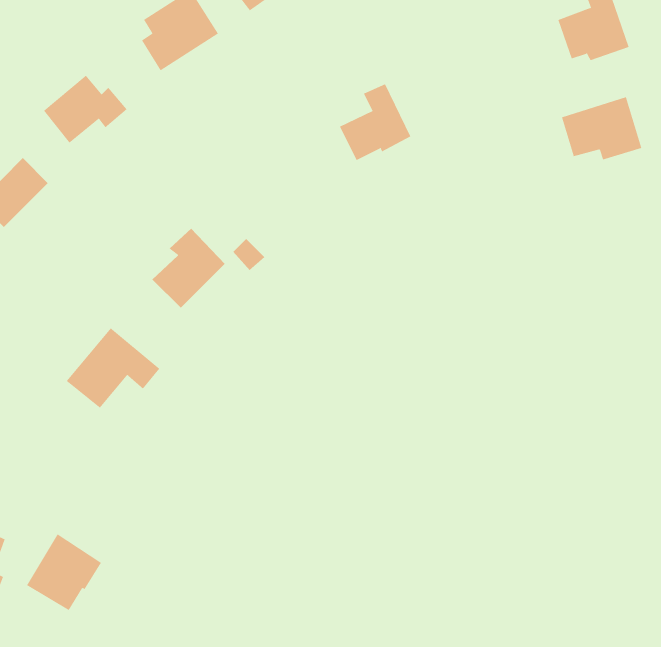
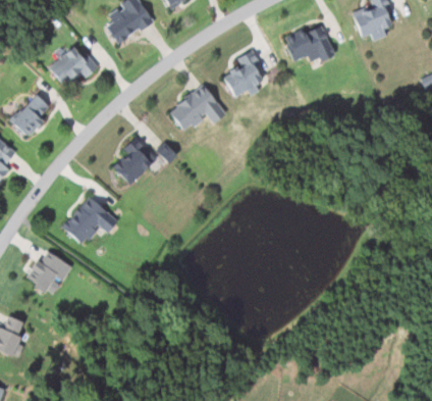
building: [561,97,642,160] -> [283,24,331,62]
building: none -> [167,85,224,131]
building: [26,534,102,611] -> [28,248,72,294]

